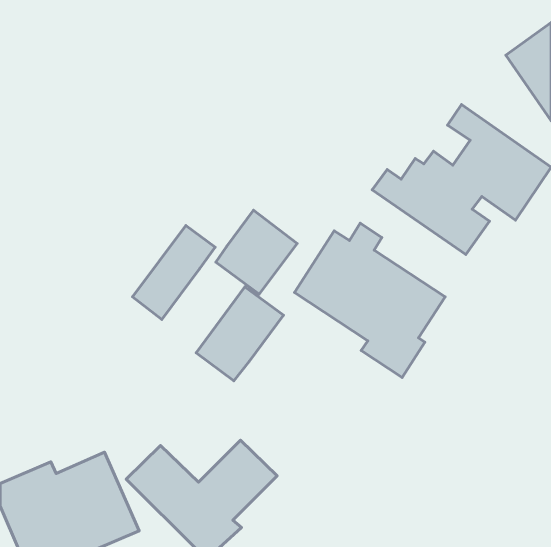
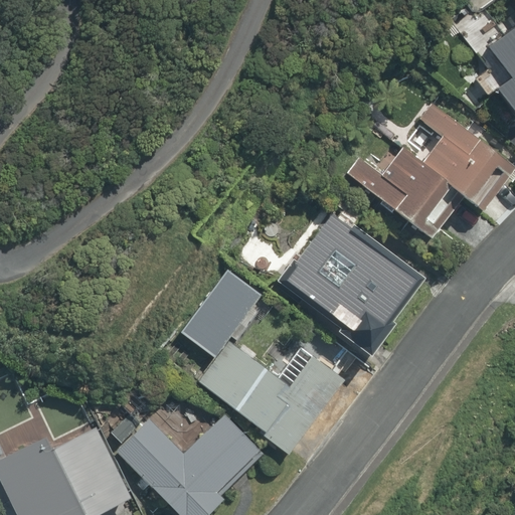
building: [216,210,297,294] -> none
building: [133,225,215,319] -> none
building: none -> [199,341,346,454]

